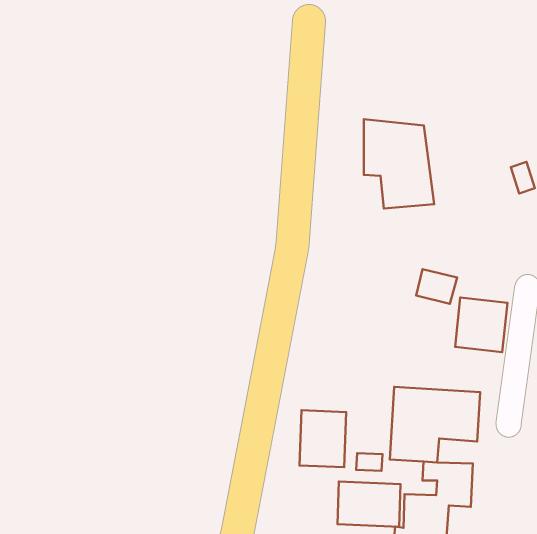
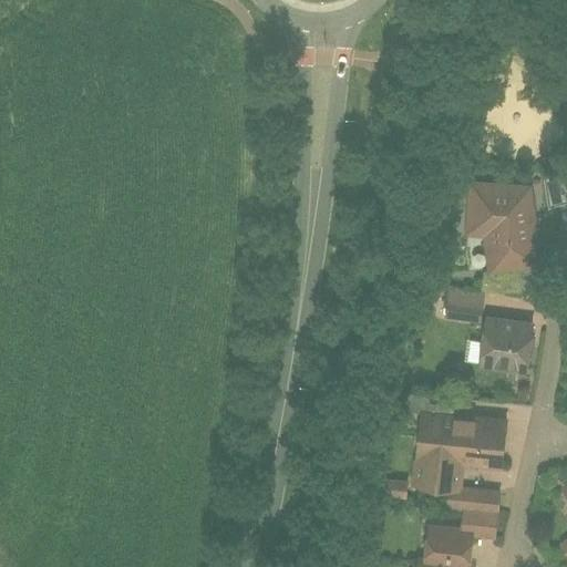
building: [364,119,434,208] -> [467,177,542,271]
building: [299,410,346,467] -> none
building: [337,482,401,527] -> none

